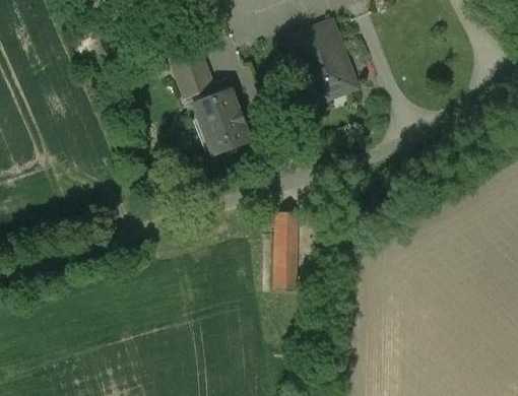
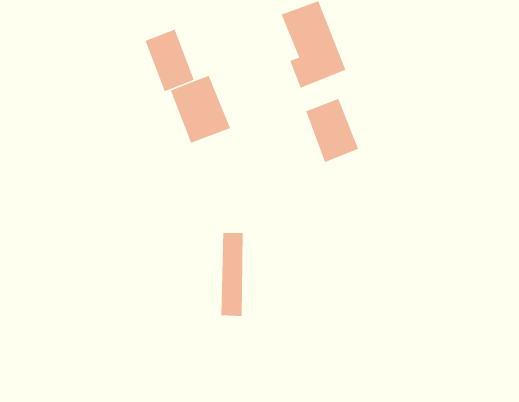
building: none -> [305,98,359,163]
building: [274,210,296,288] -> [220,232,243,317]

